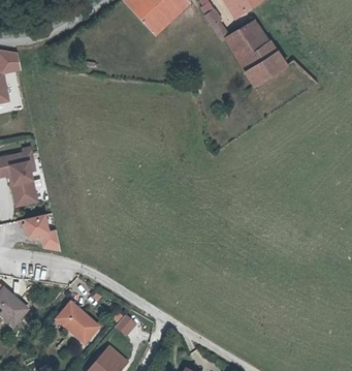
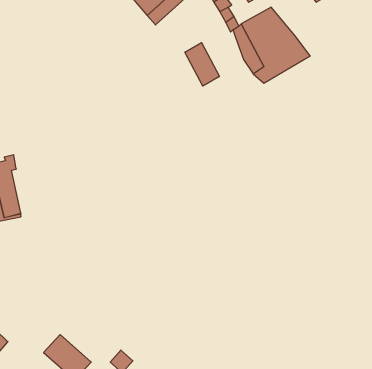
building: none -> [185,43,219,86]
building: [26,215,61,252] -> none

